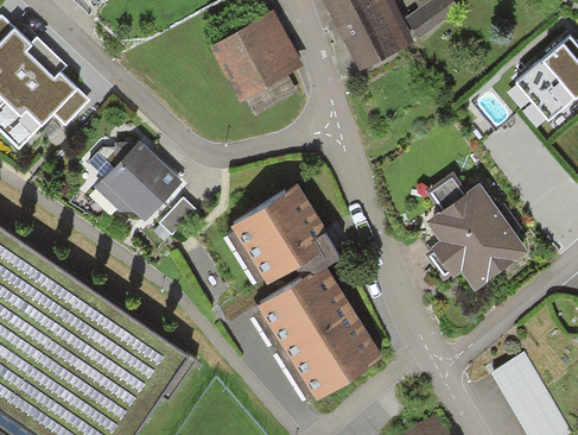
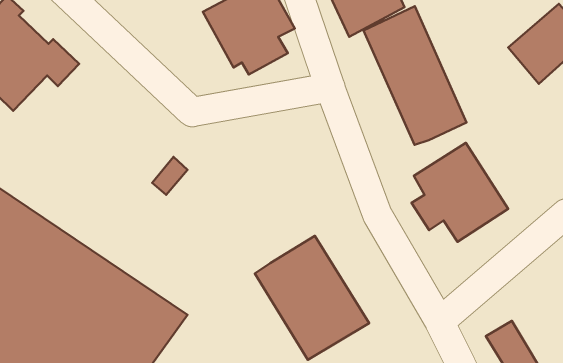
building: none -> [364,6,467,145]
building: [96,140,186,227] -> none
building: [234,197,330,301] -> none

